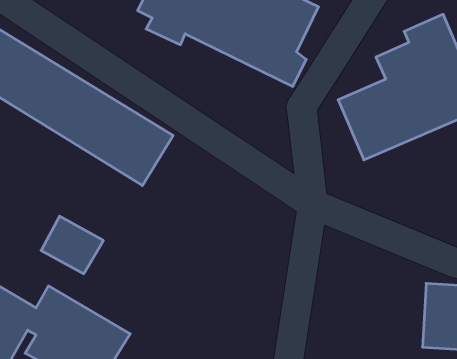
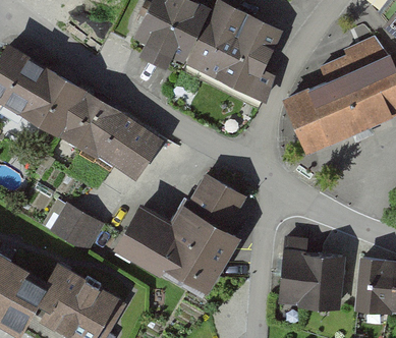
building: none -> [113,169,239,289]
building: none -> [282,240,344,306]

